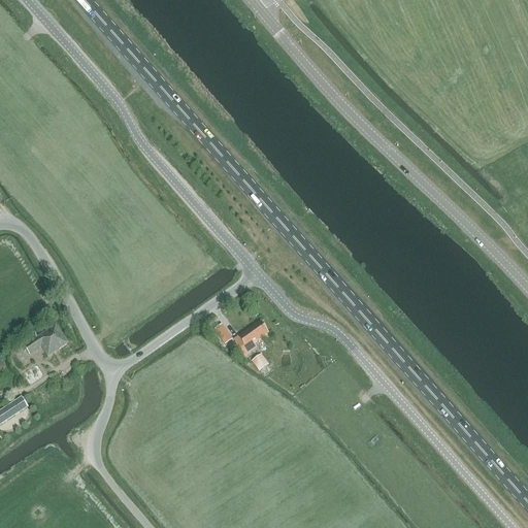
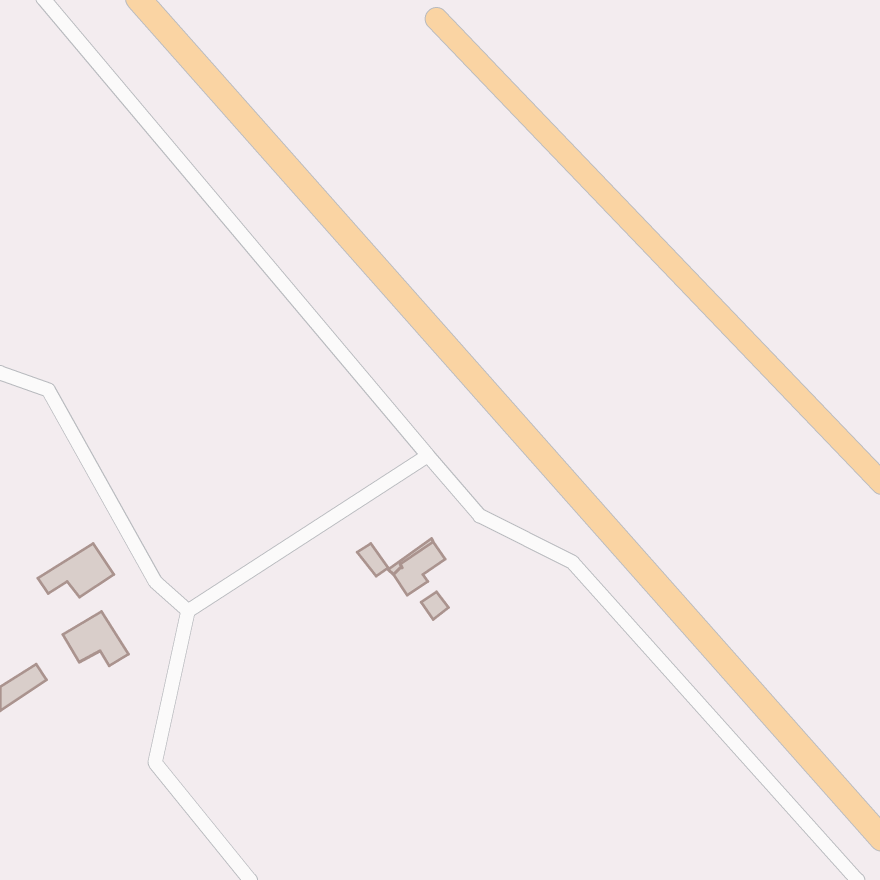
building: none -> [63,611,128,666]

